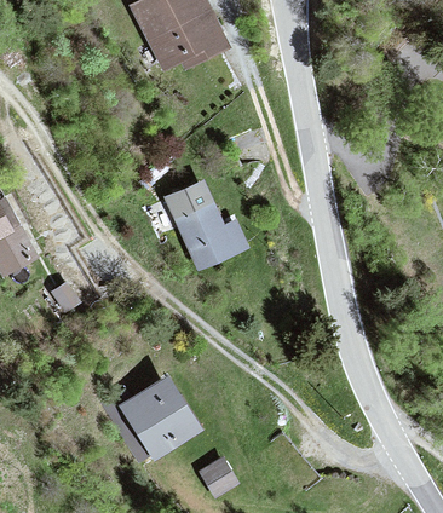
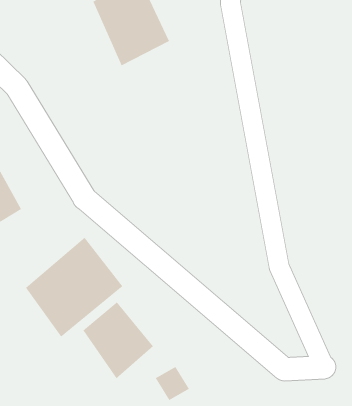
building: [163,175,246,272] -> none
building: none -> [25,237,123,337]

